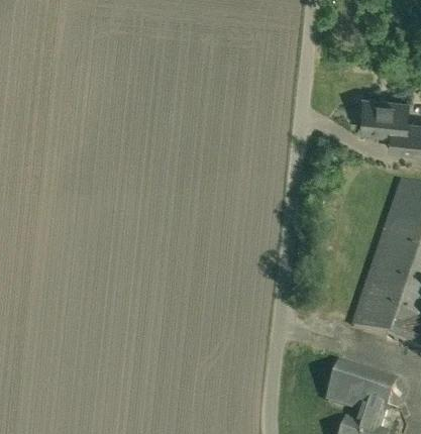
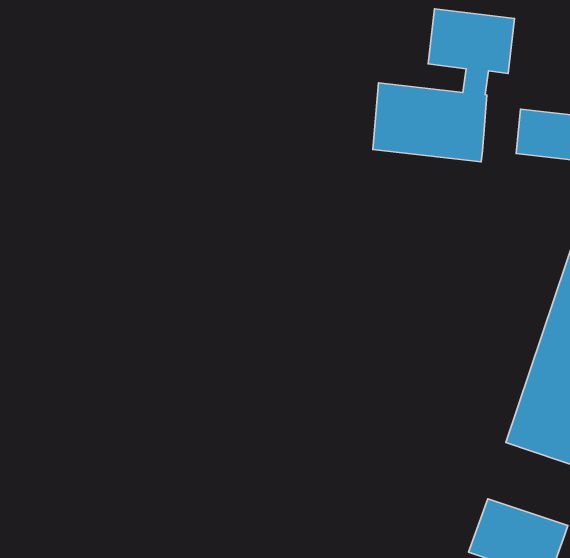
building: none -> [373,9,514,162]

